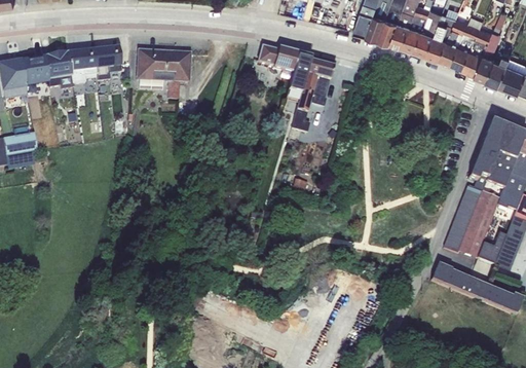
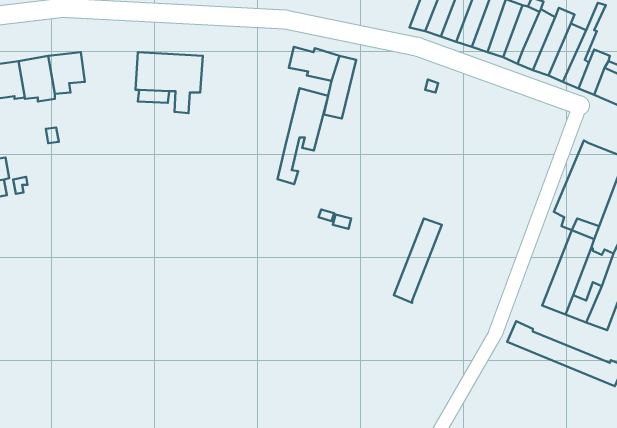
building: [92,47,120,81] -> none
building: [293,57,333,133] -> [277,88,328,184]
building: [443,186,481,253] -> [394,218,442,303]

